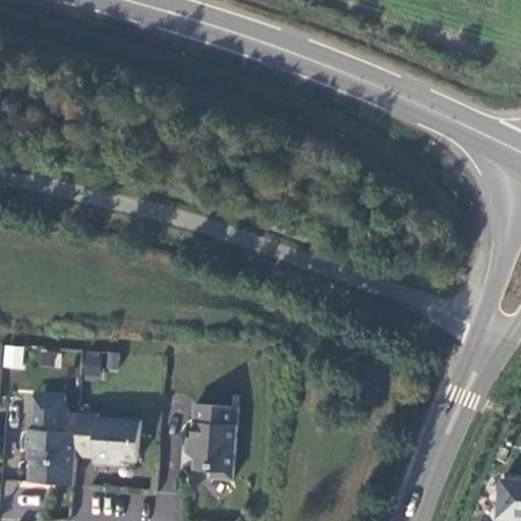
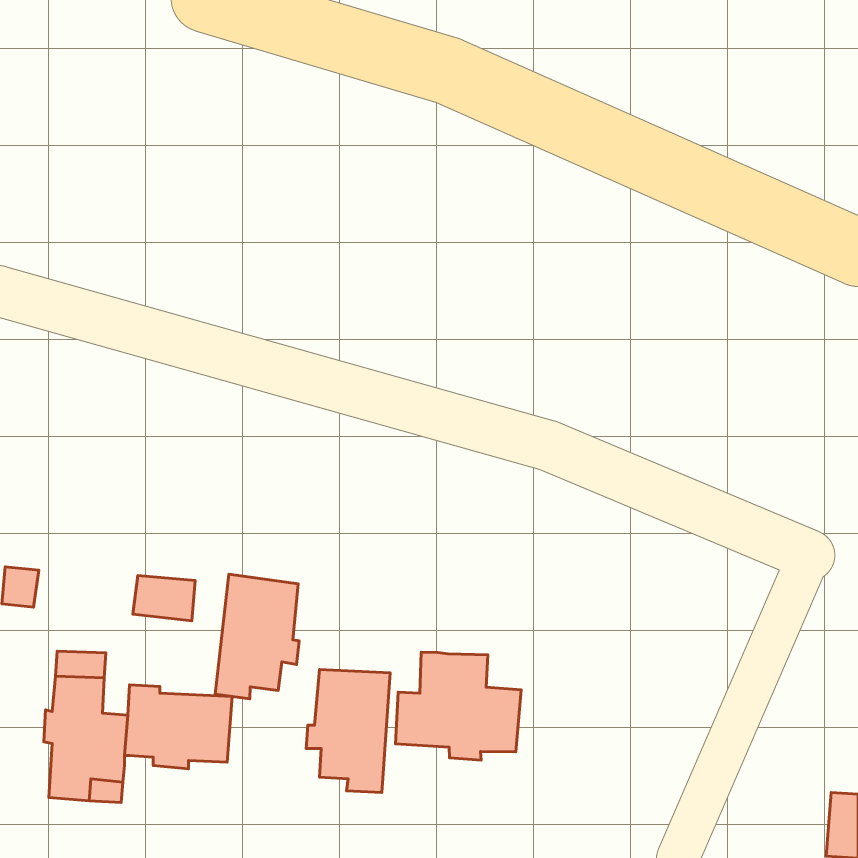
building: none -> [215,574,299,699]
building: none -> [396,652,521,760]

